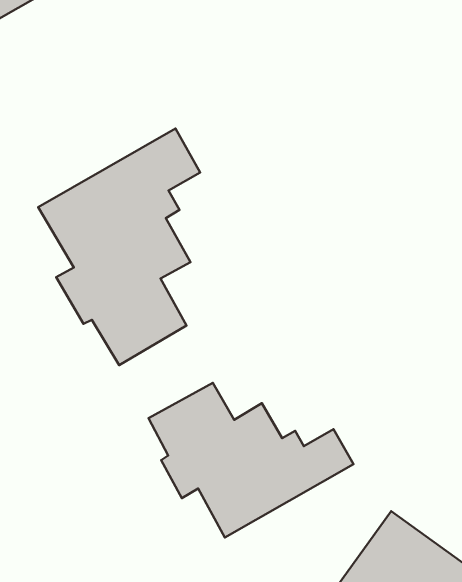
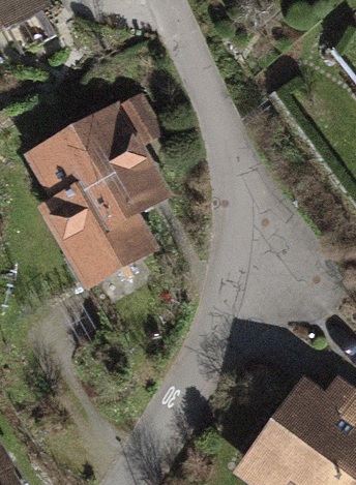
building: [149,383,353,537] -> none

